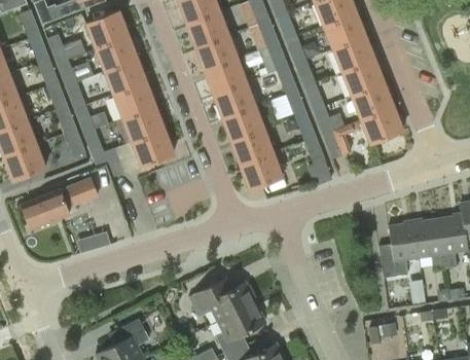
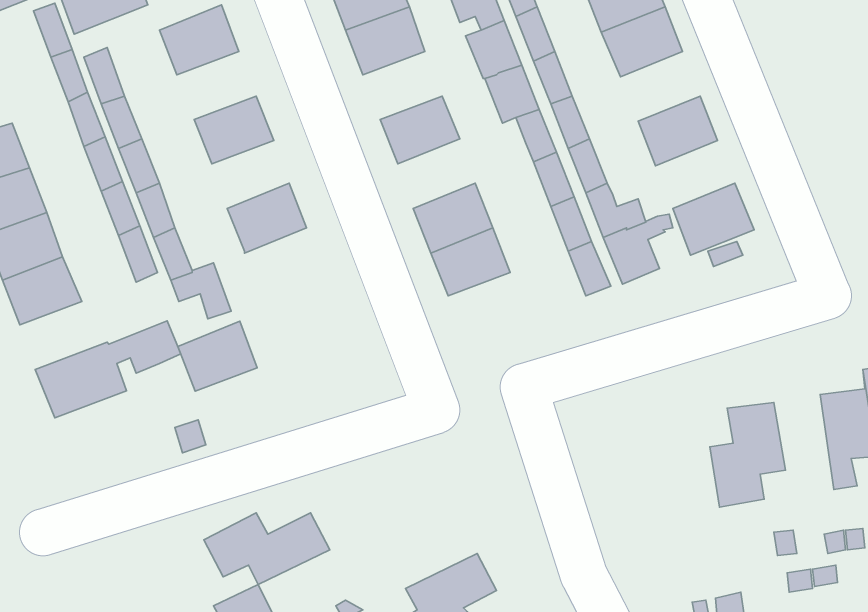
building: [96,35,138,71] -> none
building: [194,35,237,71] -> none
building: [331,35,373,72] -> none
building: [213,81,254,118] -> none
building: [114,82,155,118] -> none
building: [350,82,392,118] -> none
building: [132,129,174,166] -> [178,321,257,391]
building: [240,152,282,189] -> none
building: [412,217,444,269] -> none
building: [188,282,255,320] -> [204,513,330,585]

